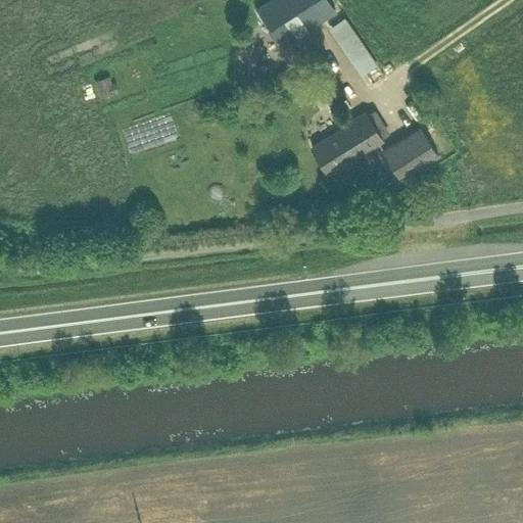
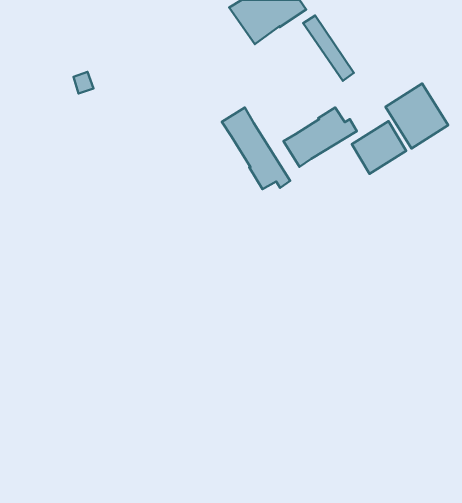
building: none -> [385,83,448,149]
building: none -> [222,107,290,189]

